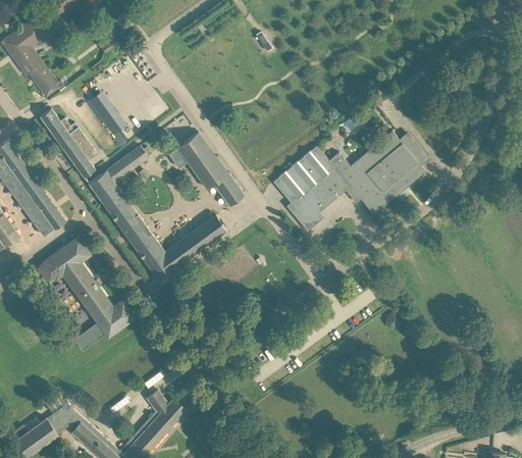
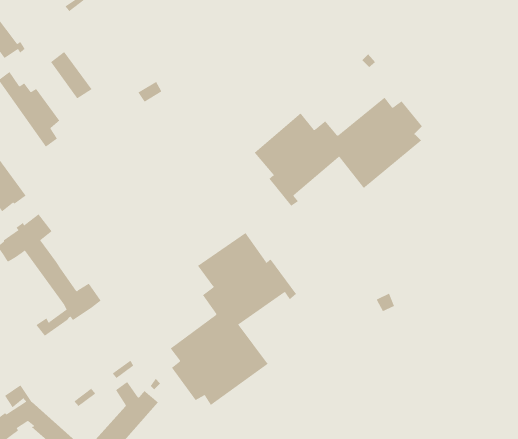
building: [167,133,244,207] -> none
building: [88,147,223,279] -> none
building: none -> [170,232,297,406]

